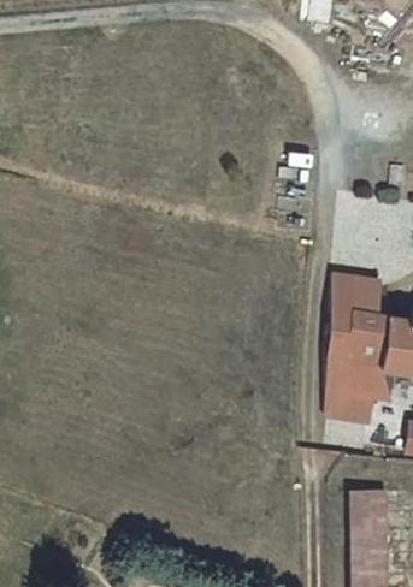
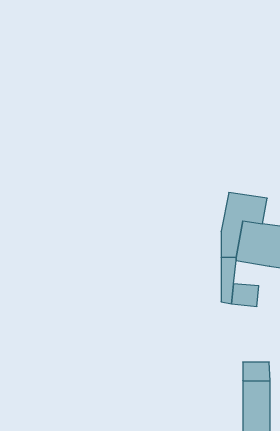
building: [341,363,387,397] -> none

